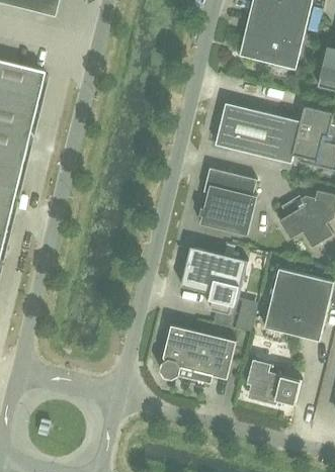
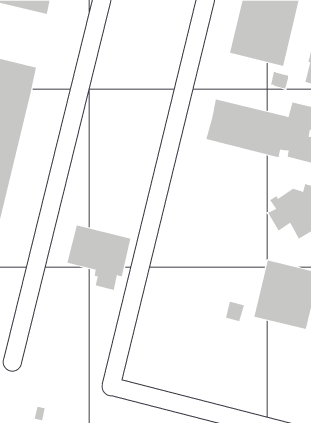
building: [200,167,257,234] -> none
building: [181,246,248,313] -> [66,225,131,290]
building: [160,324,237,387] -> none
building: [247,359,303,405] -> none

